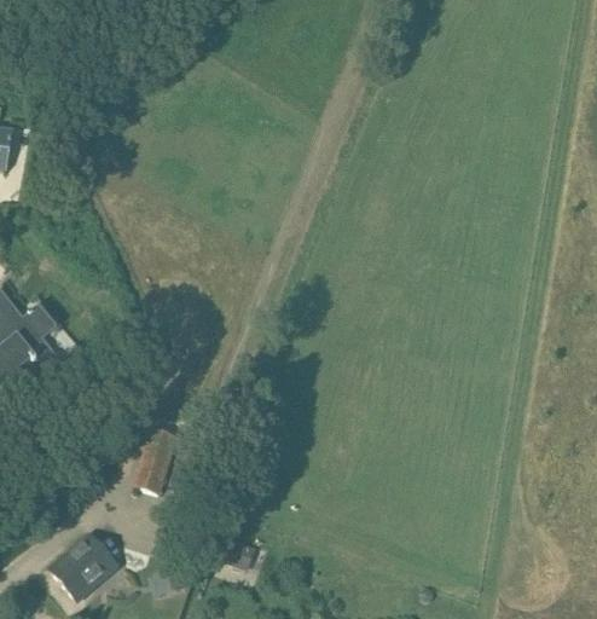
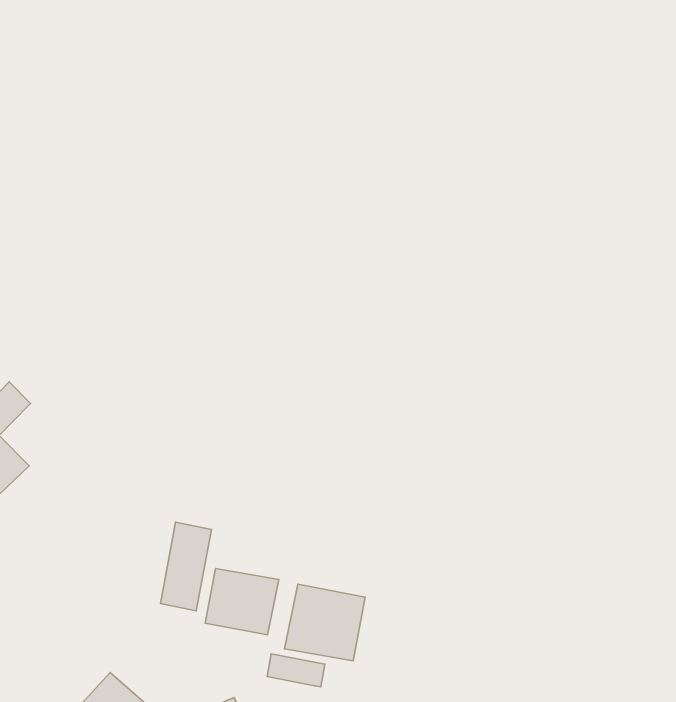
building: none -> [205,569,279,635]
building: none -> [284,584,365,661]

